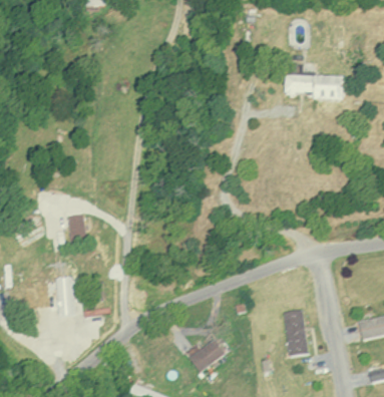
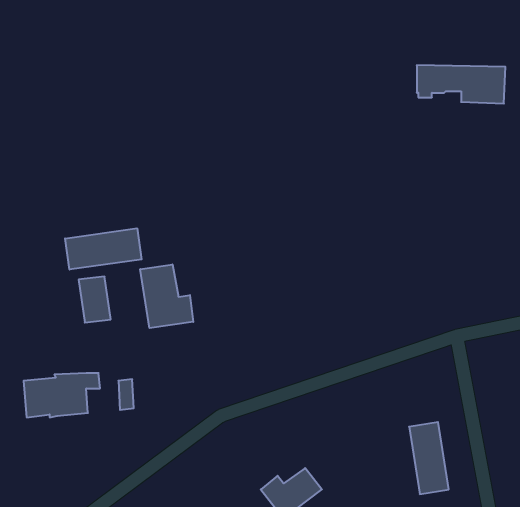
building: none -> [65,228,142,270]
building: none -> [140,264,193,328]

